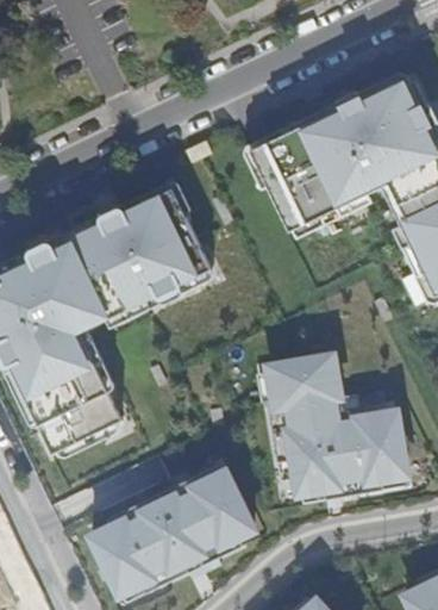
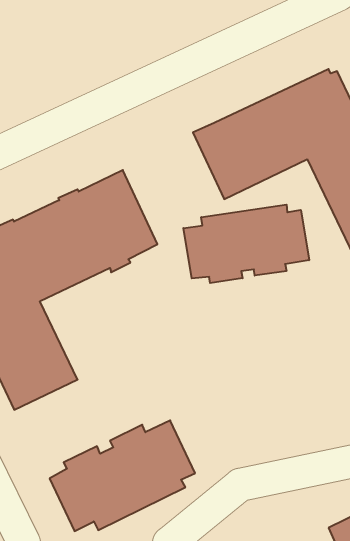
building: none -> [183,205,309,283]
building: [265,356,405,497] -> none

